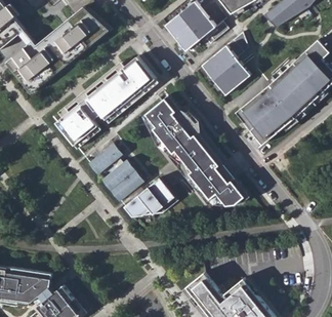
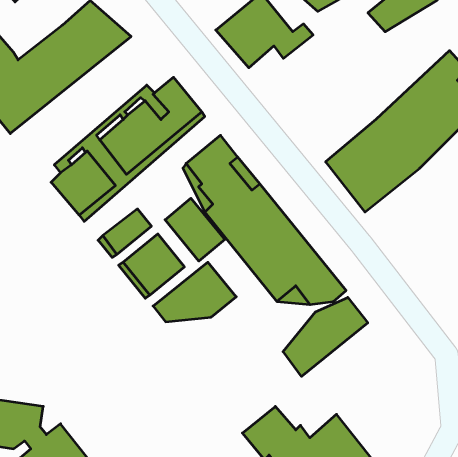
building: [202,33,251,94] -> none
building: none -> [165,198,225,261]
building: none -> [283,297,368,376]

